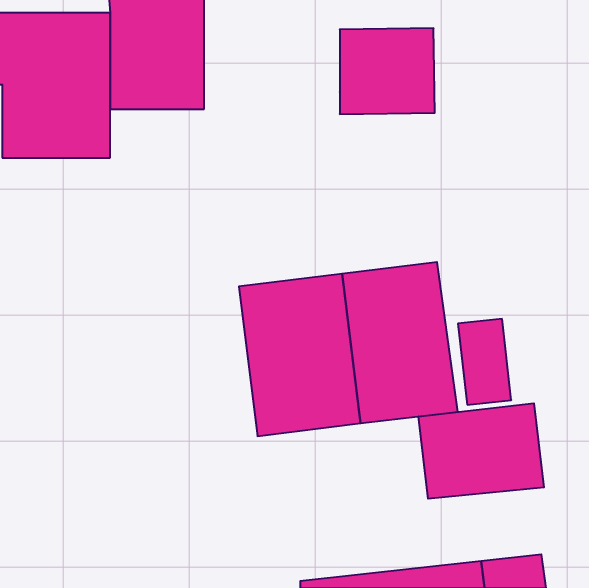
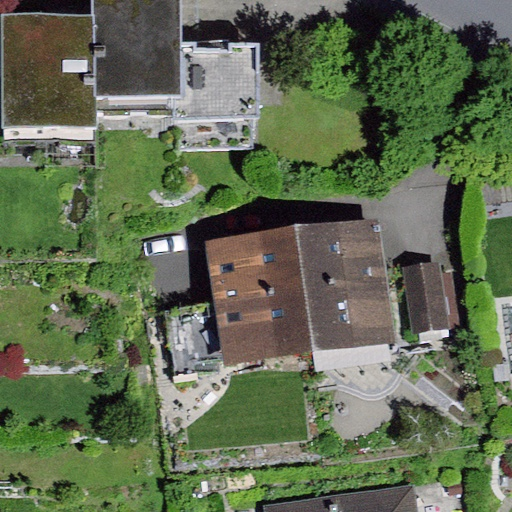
building: [340,28,435,114] -> [176,39,258,113]
building: [418,403,544,499] -> none

